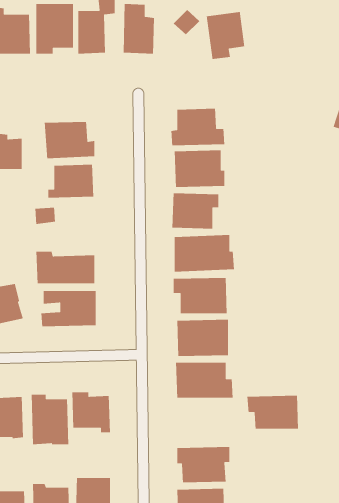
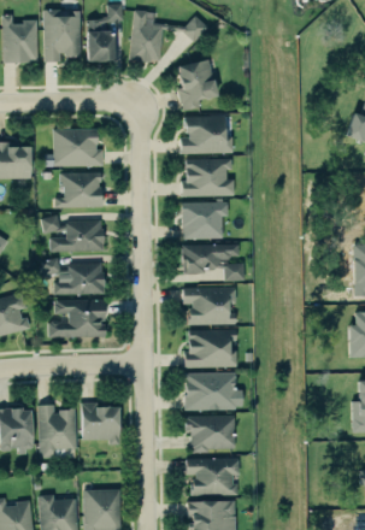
building: [206,11,245,60] -> [176,60,216,110]
building: none -> [51,219,102,251]
building: [247,395,299,429] -> [184,414,237,449]

